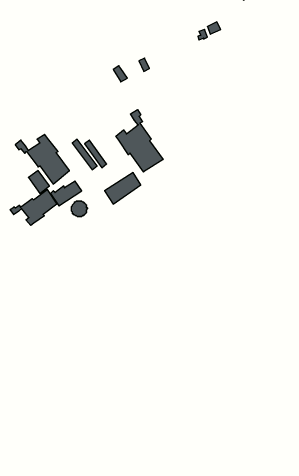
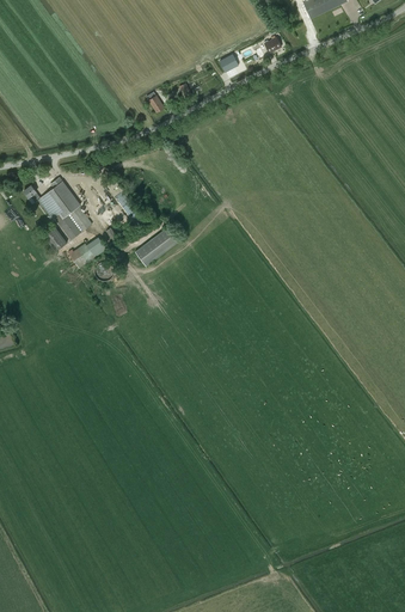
building: [116,110,163,172] -> none
building: [10,189,57,225] -> none

